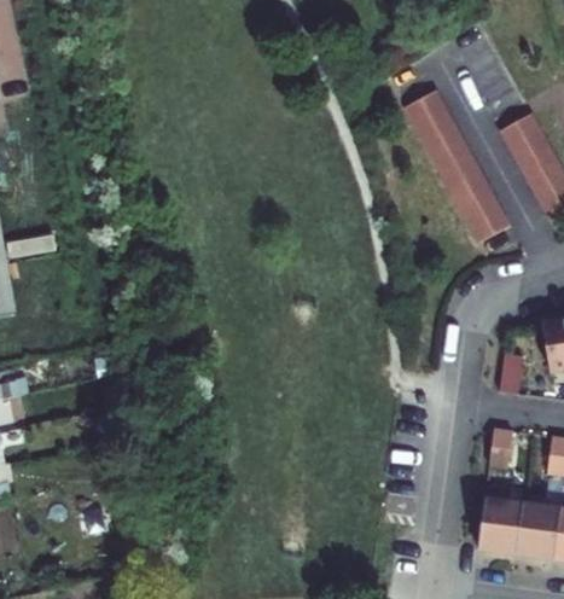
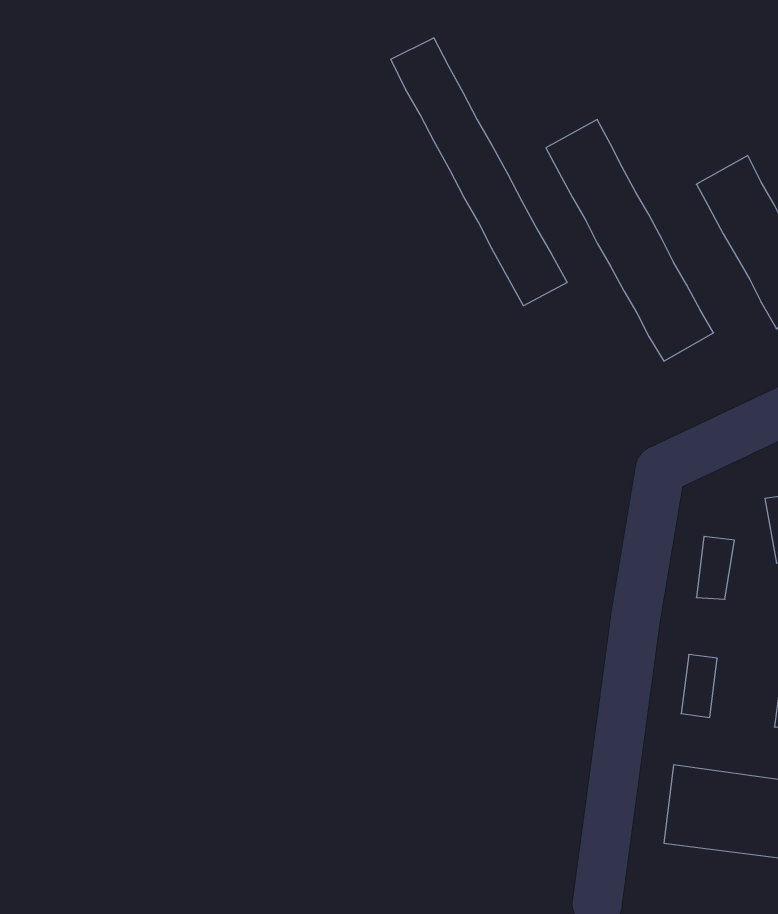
building: none -> [391,38,567,306]

